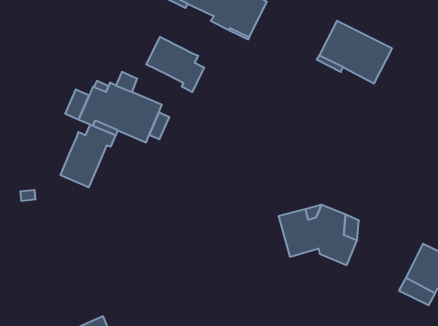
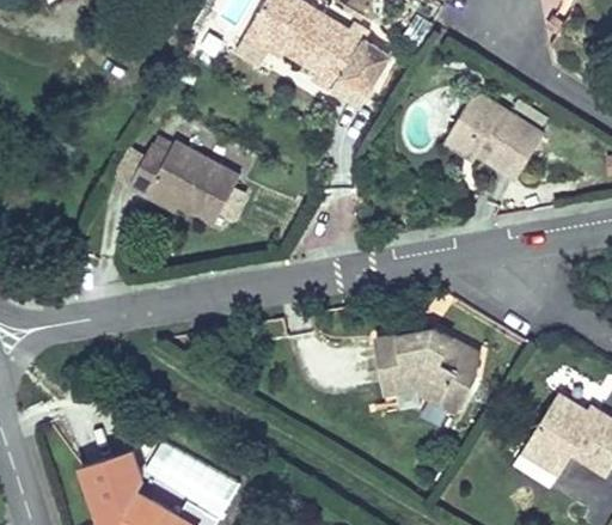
building: [146,37,204,92] -> none
building: [60,125,116,187] -> none

